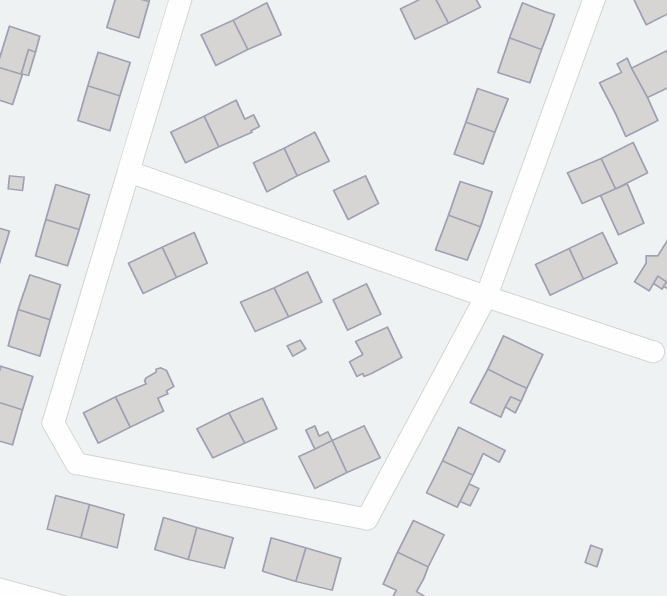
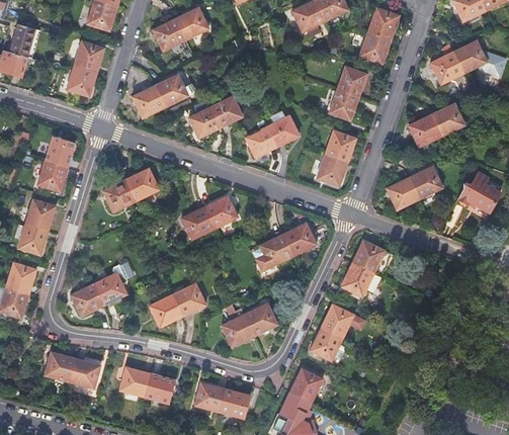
building: none -> [267,118,299,148]
building: [601,184,644,235] -> none
building: [333,284,381,330] -> [282,223,316,255]

